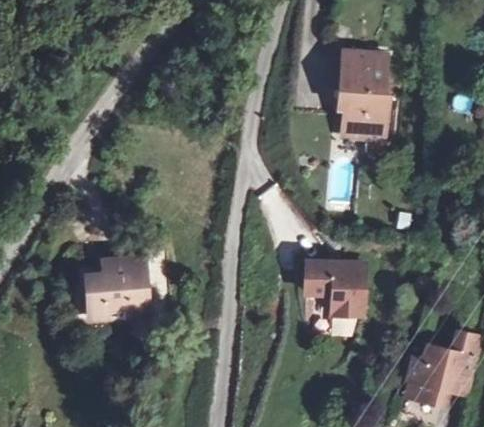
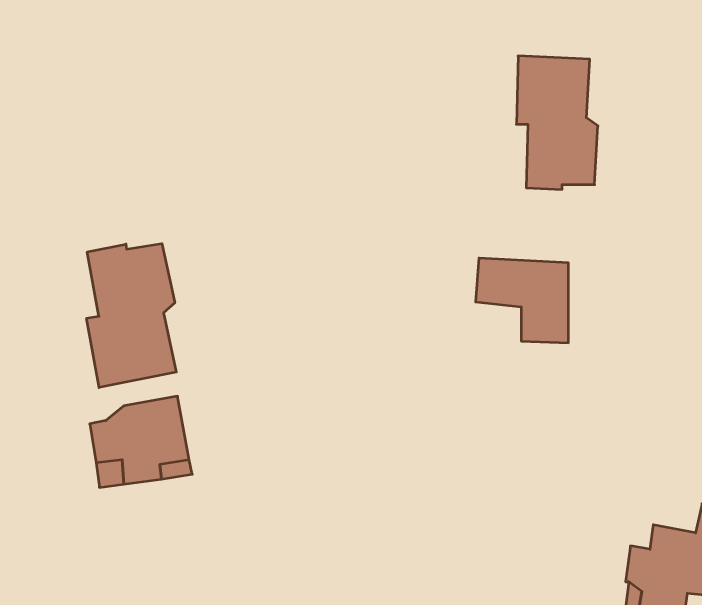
building: none -> [87,244,176,388]
building: [304,263,361,315] -> [476,258,568,343]

